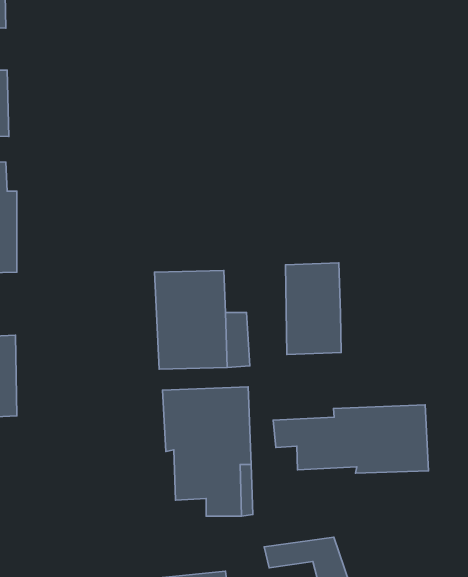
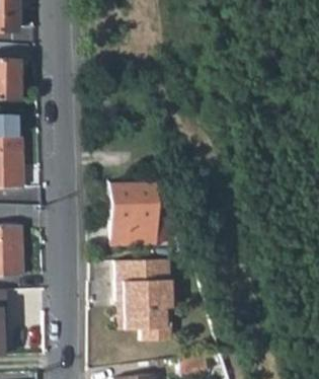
building: [286,263,341,354] -> none
building: [273,405,428,473] -> none

